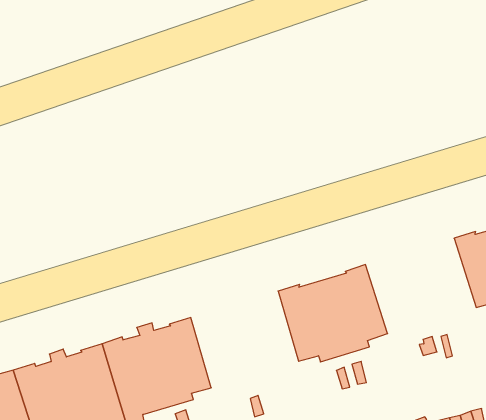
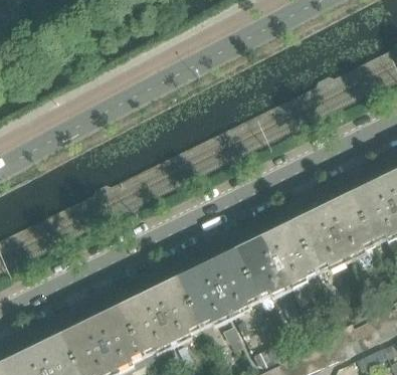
building: none -> [291,195,373,268]
building: none -> [177,251,256,326]

